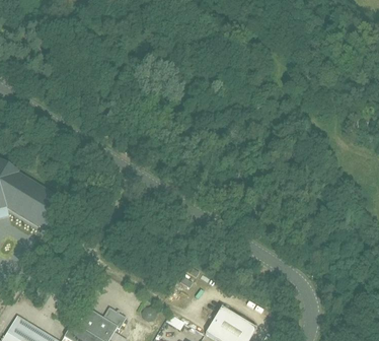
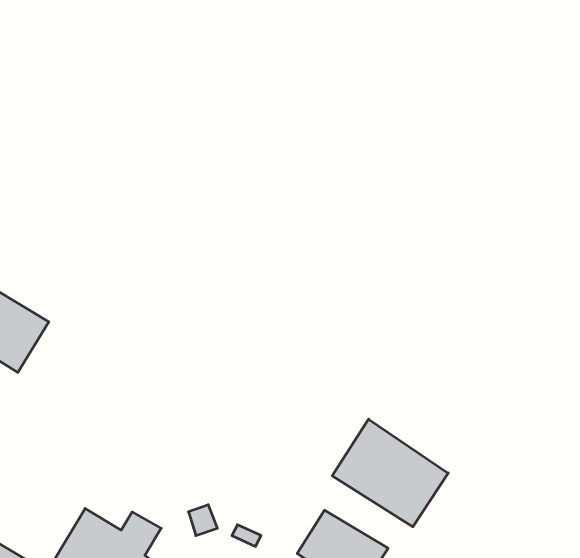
building: none -> [332,419,448,527]

